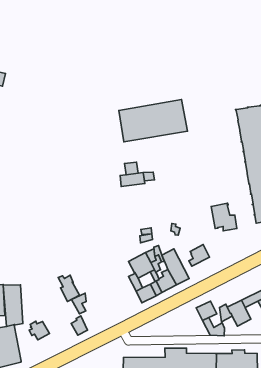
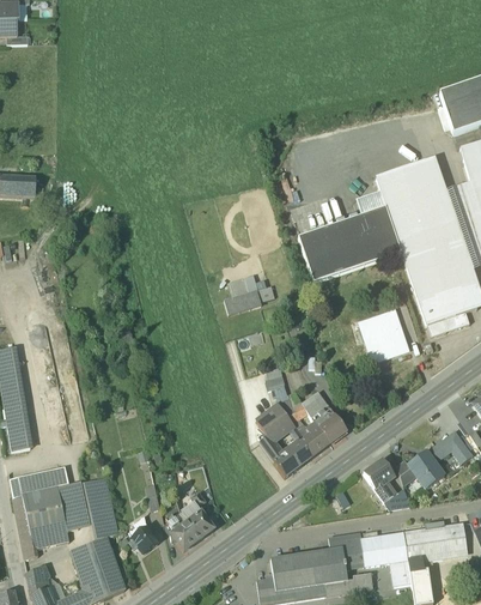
building: [119,99,187,142] -> [299,207,402,282]
building: [189,244,210,266] -> none
building: [58,275,79,302] -> [165,512,200,550]

